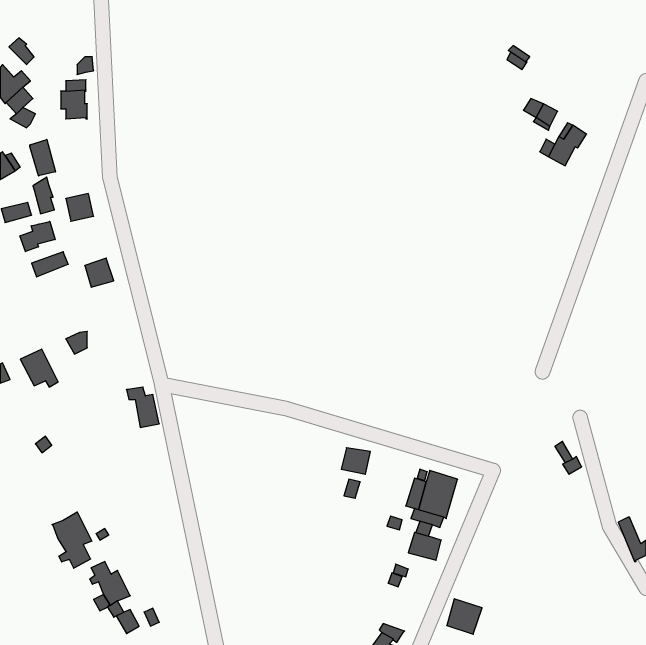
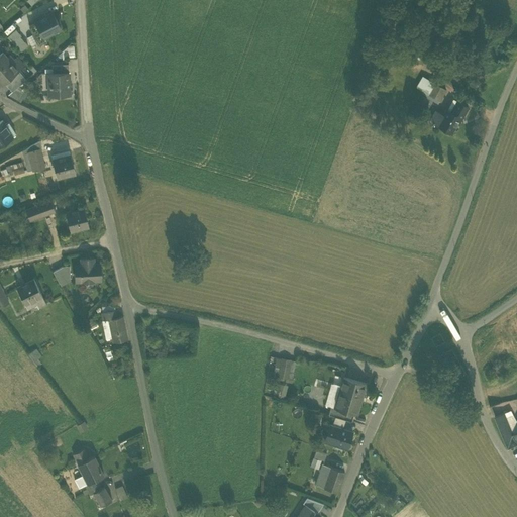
building: none -> [29,13,61,44]
building: [30,139,55,176] -> none
building: [20,221,55,252] -> none
building: none -> [76,258,100,282]
building: [52,512,92,568] -> none
building: [447,599,482,634] -> [316,464,344,493]

